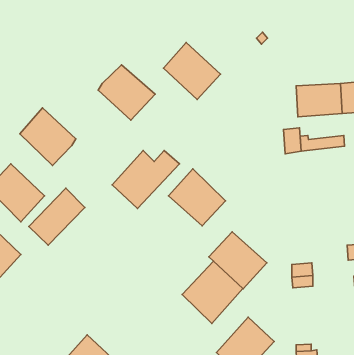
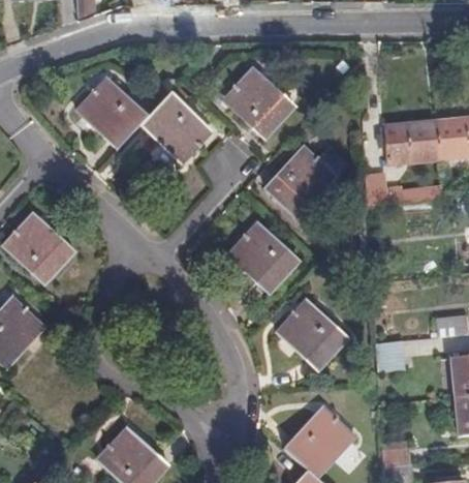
building: [20,108,76,166] -> [75,79,145,150]
building: [112,151,179,208] -> [264,145,347,216]
building: [29,188,85,245] -> none
building: [182,261,243,324] -> none

